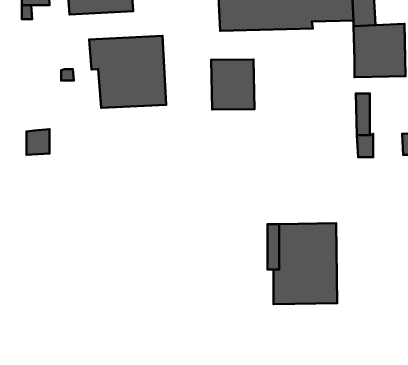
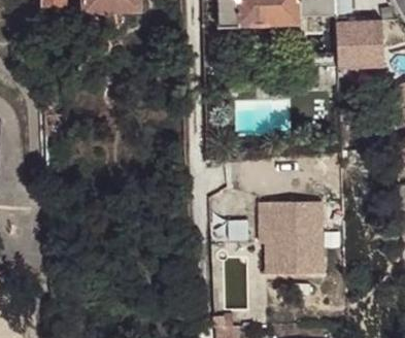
building: [89,36,166,108] -> none
building: [211,59,255,110] -> none

